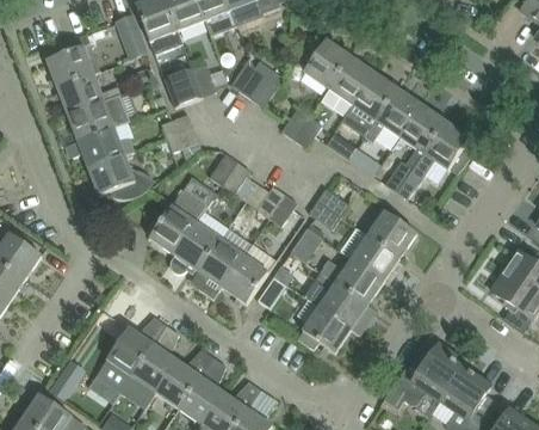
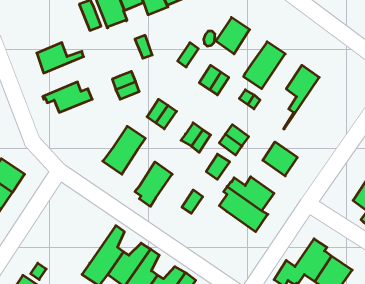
building: [47,36,94,88] -> none
building: [328,56,373,105] -> none
building: [229,57,267,99] -> none
building: [163,69,203,106] -> none
building: [365,90,421,149] -> none
building: [64,93,130,148] -> none
building: [397,122,469,199] -> none
building: [88,155,149,199] -> none
building: [169,221,219,272] -> none
building: [351,235,398,282] -> none
building: [221,242,275,303] -> none
building: [297,306,358,352] -> none
building: [95,315,166,392] -> none

